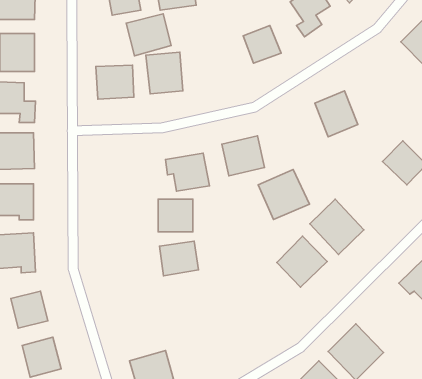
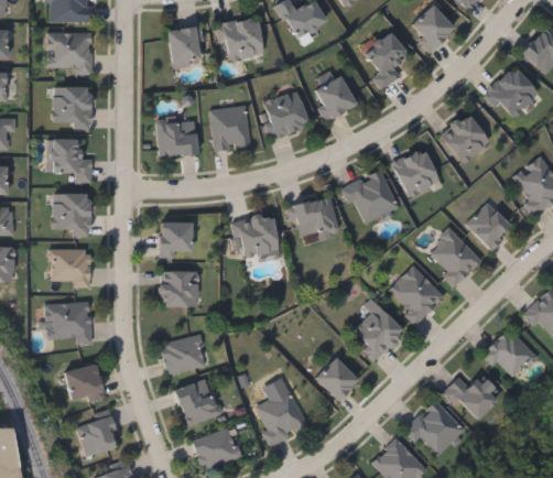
building: [126,14,171,56] -> [260,93,308,138]
building: none -> [440,112,490,163]
building: none -> [159,221,192,252]
building: none -> [425,227,481,284]
building: [258,170,309,220] -> [343,170,398,224]
building: [158,199,193,232] -> [160,271,197,306]
building: [160,241,198,276] -> [162,336,204,373]
building: none -> [315,357,359,401]
building: none -> [444,374,499,423]
building: none -> [174,377,220,426]
building: none -> [257,389,307,446]

